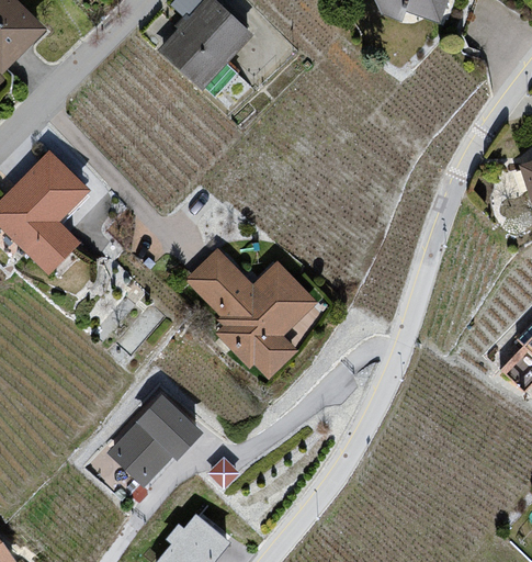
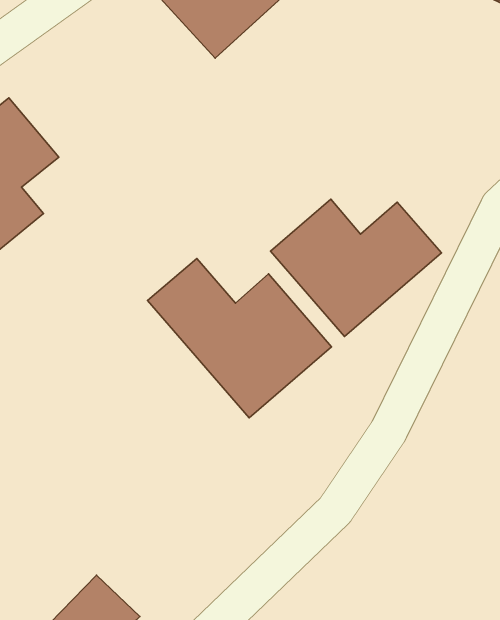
building: none -> [271,199,441,336]
building: [103,384,202,488] -> none

